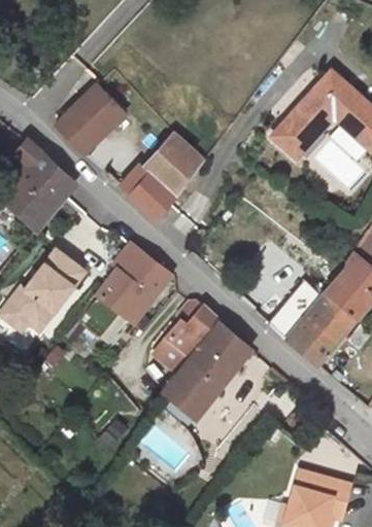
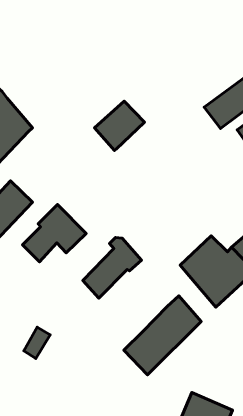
building: [54,85,120,153] -> none
building: [119,164,173,218] -> none
building: [109,243,170,298] -> none
building: [165,321,251,419] -> [124,296,201,375]

